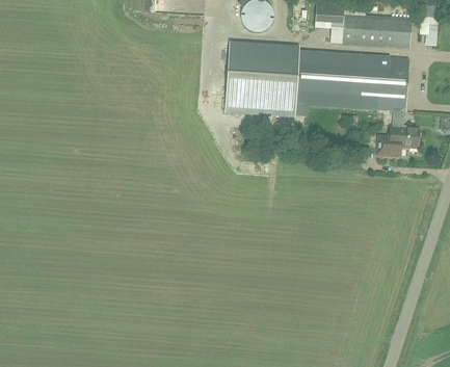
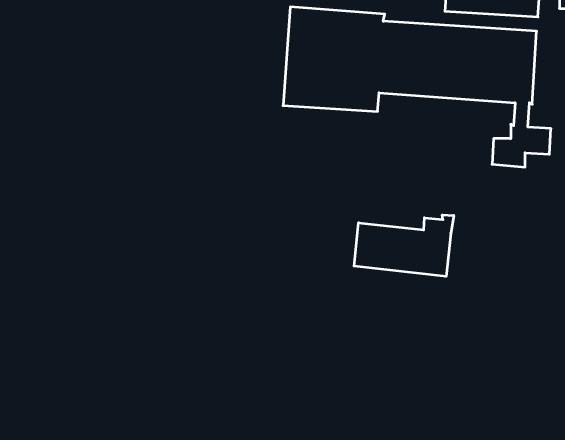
building: none -> [354,215,454,276]

